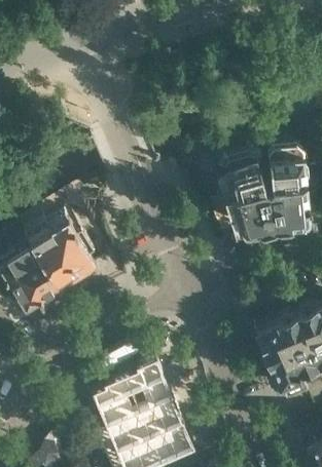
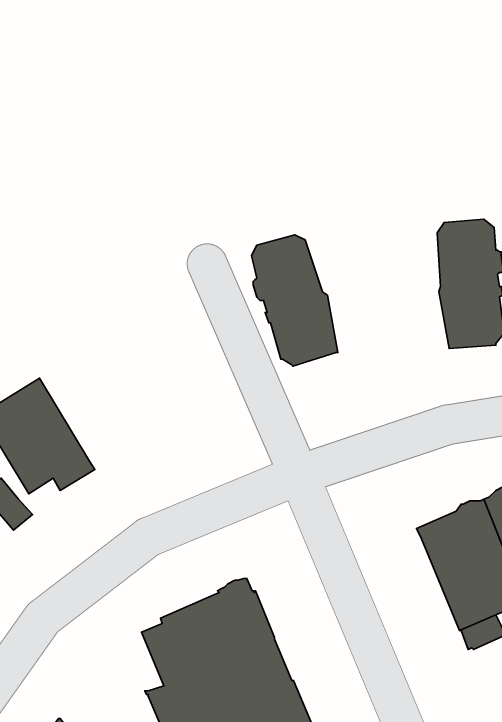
building: [225,157,277,235] -> [251,235,338,366]
building: [26,217,98,294] -> none

